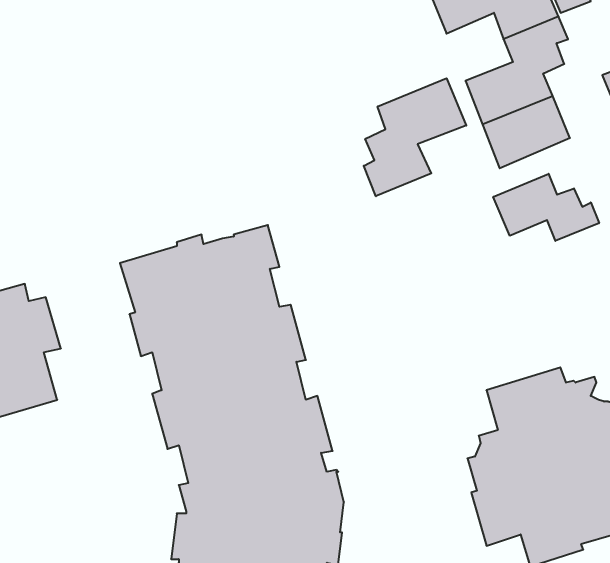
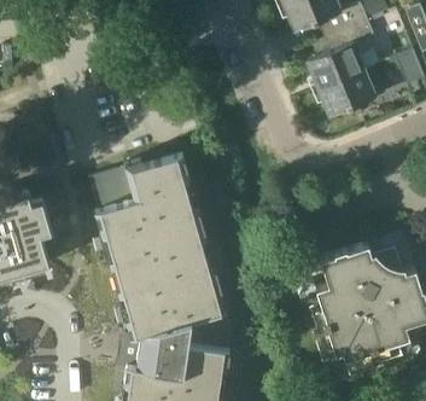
building: [364,78,466,196] -> none
building: [493,174,599,241] -> none

